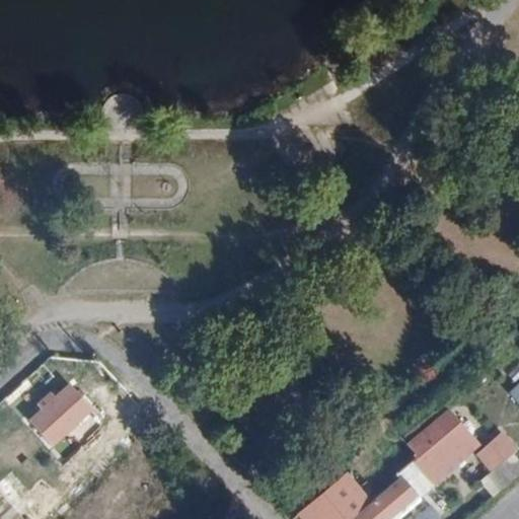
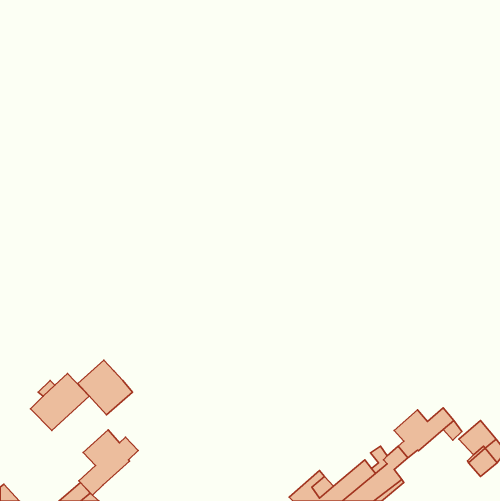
building: none -> [78,360,132,415]
building: none -> [79,430,138,495]

